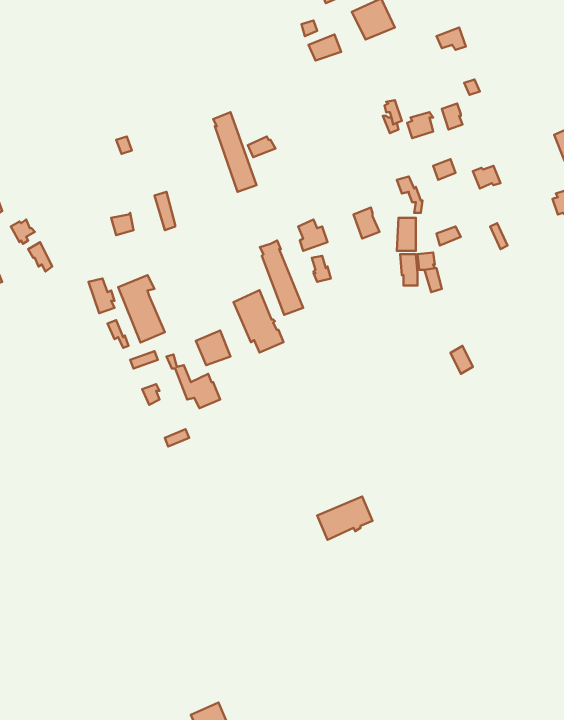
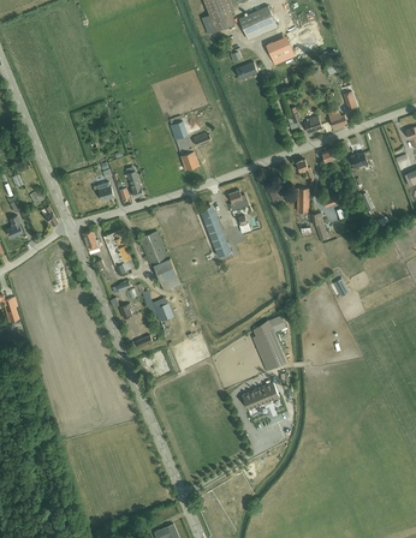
building: [233,290,284,352] -> [138,231,173,274]
building: none -> [251,328,286,371]

